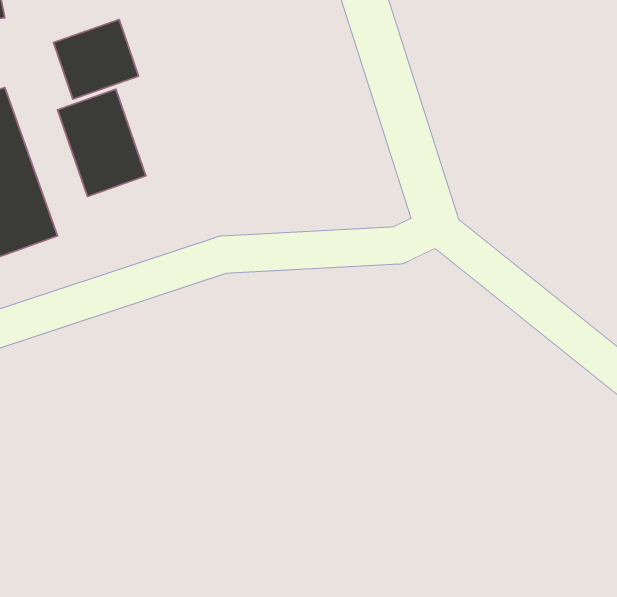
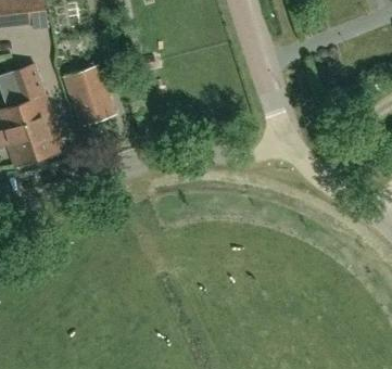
building: [53,20,139,99] -> none

